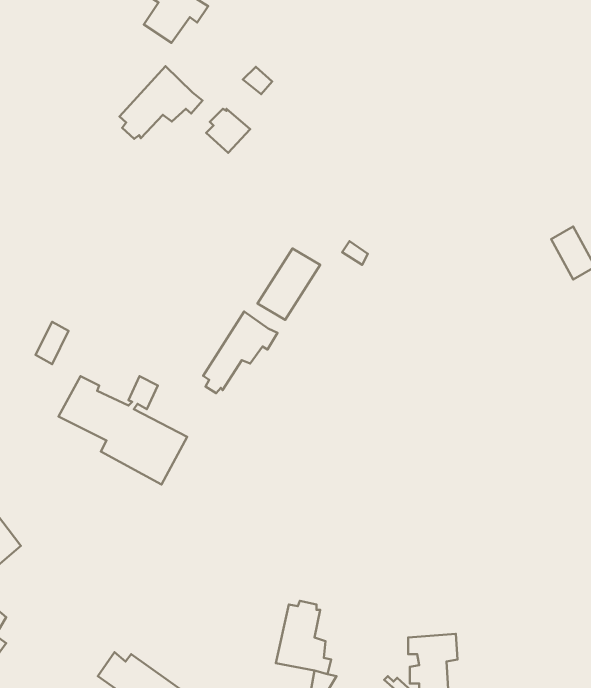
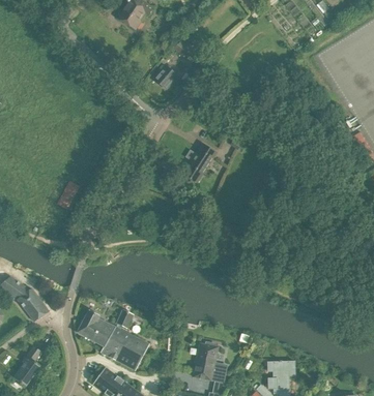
building: [120,66,203,139] -> none
building: [203,311,277,393] -> none
building: [59,376,187,485] -> [77,309,149,370]

